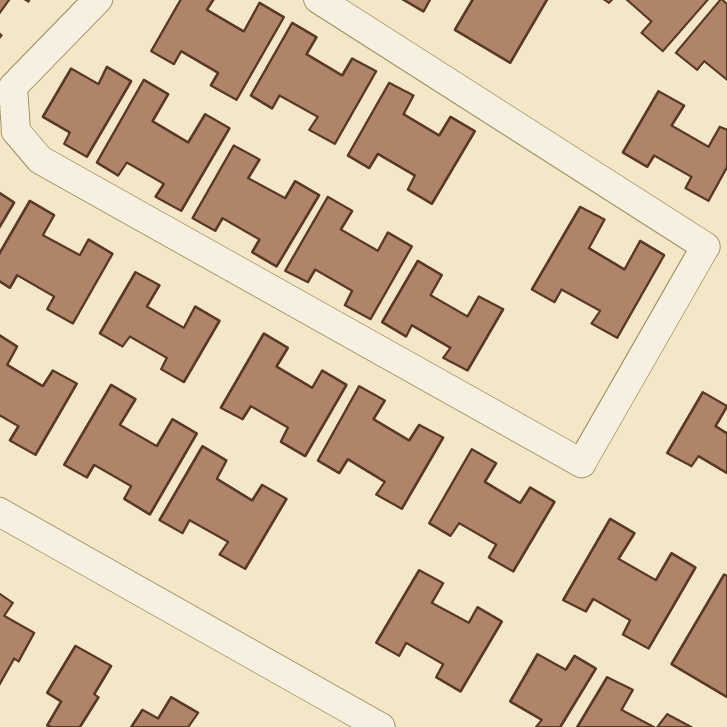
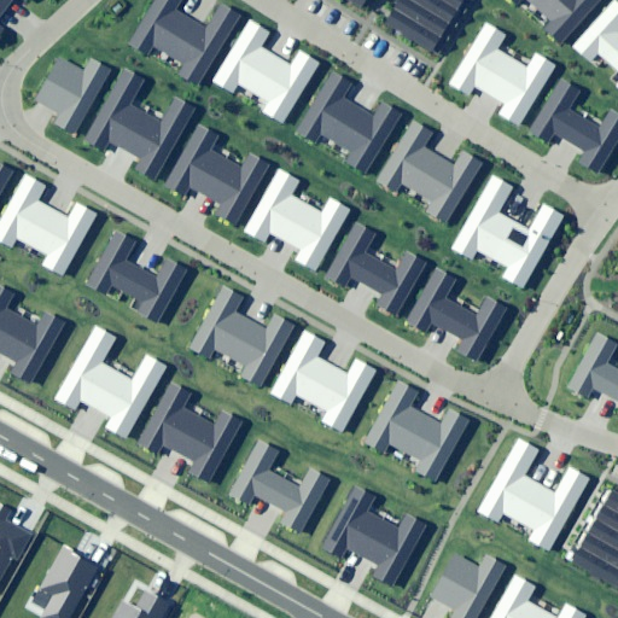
building: none -> [448,23,555,127]
building: none -> [377,121,484,225]
building: none -> [404,268,506,361]
building: none -> [228,439,330,531]

